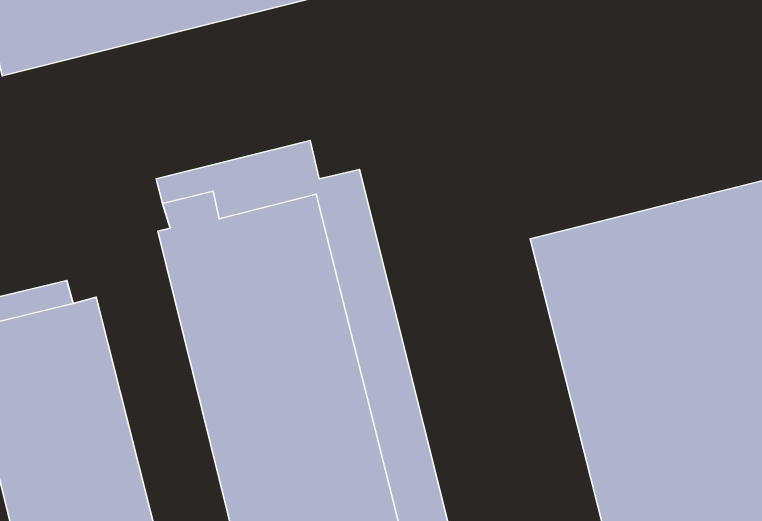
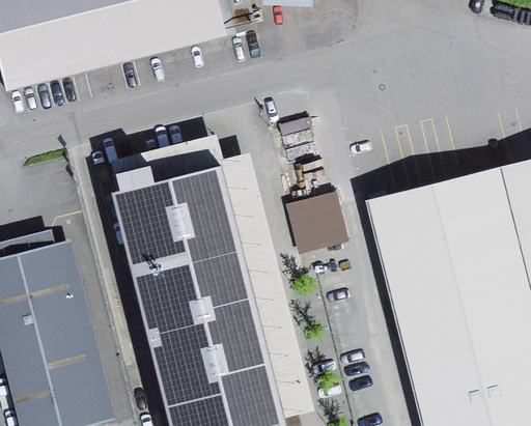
building: none -> [286,190,351,253]

